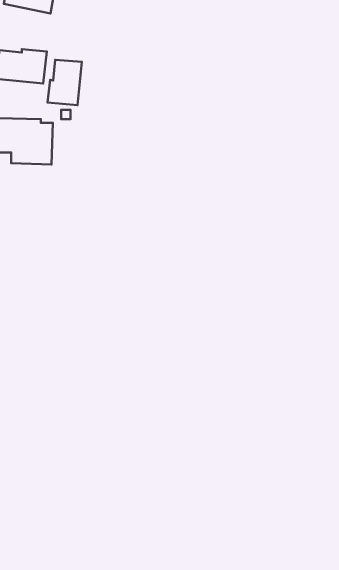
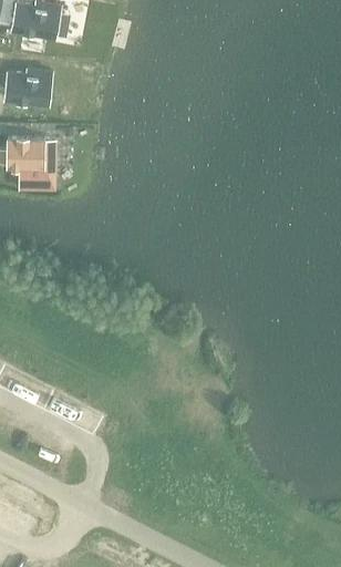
building: [48,60,82,105] -> none

